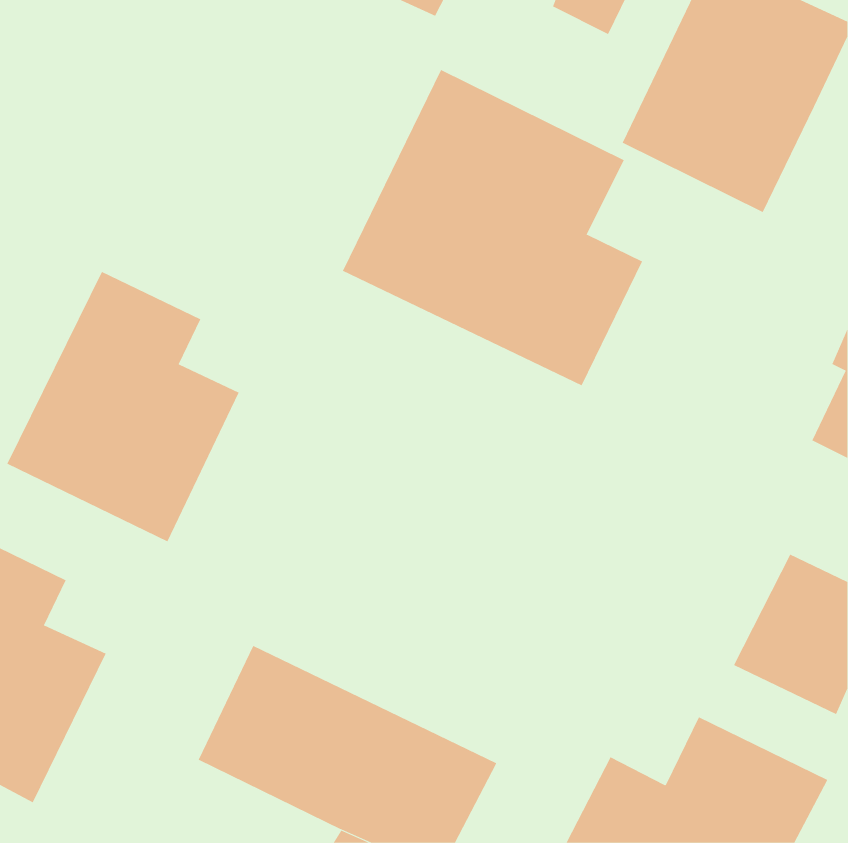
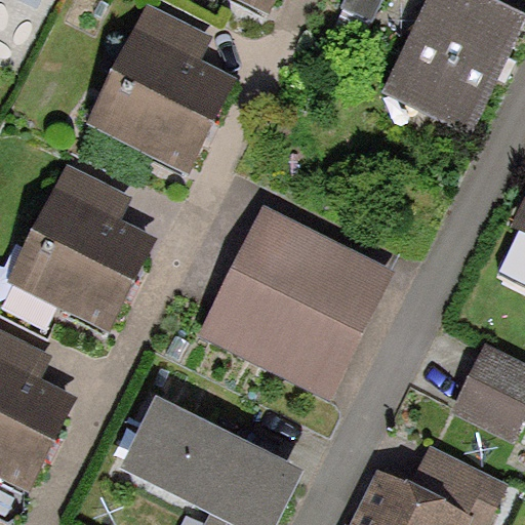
building: none -> [87,7,232,174]
building: [342,69,643,386] -> none
building: none -> [199,203,395,398]

